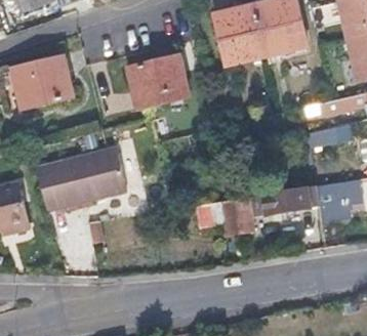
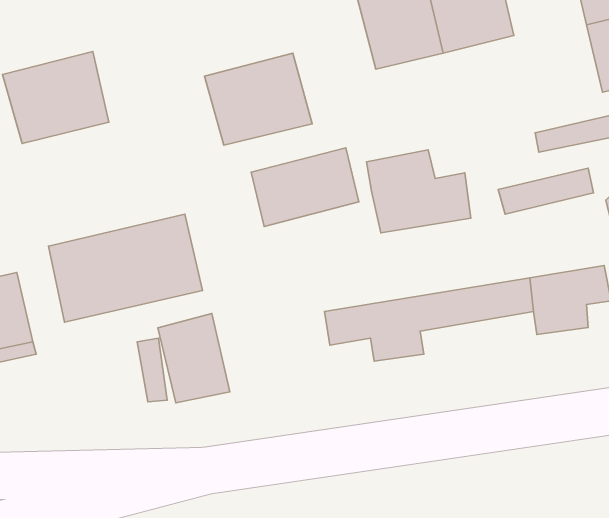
building: none -> [251,148,359,227]
building: none -> [366,150,471,233]
building: none -> [158,314,230,403]

